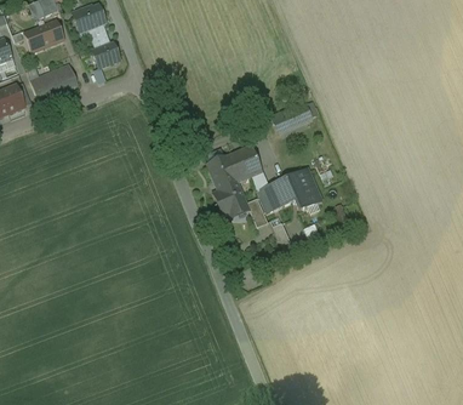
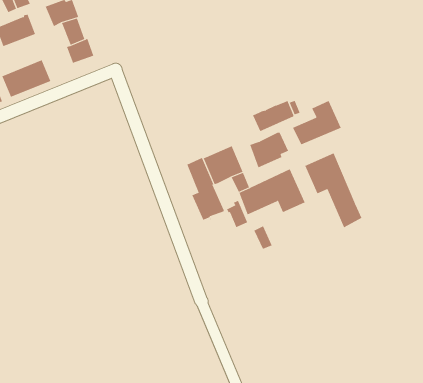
building: none -> [292,100,341,145]
building: none -> [250,132,289,168]
building: none -> [305,153,362,228]

